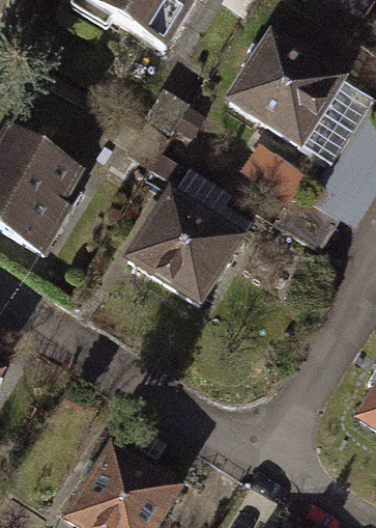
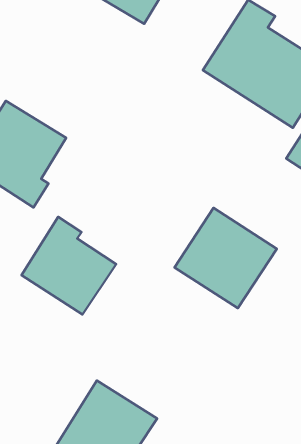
building: [126,189,240,301] -> [175,208,277,308]
building: none -> [21,217,116,315]

